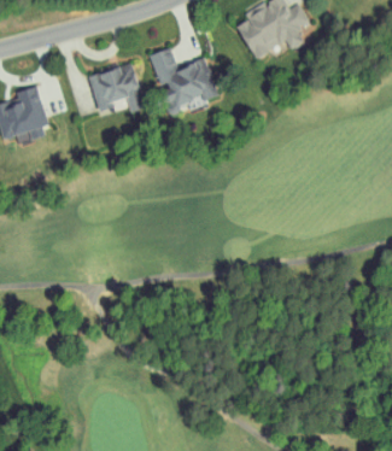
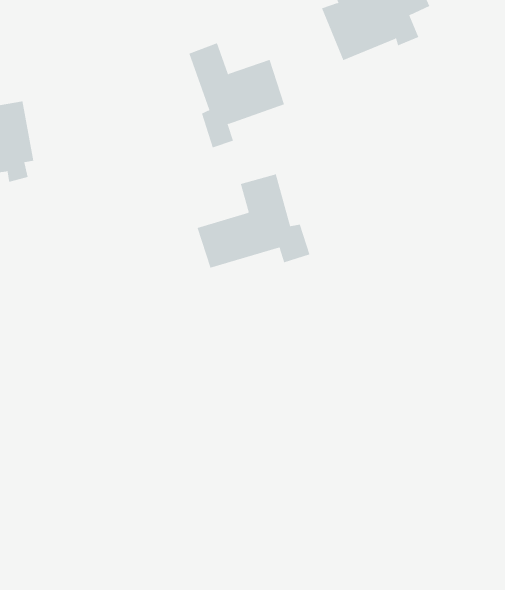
building: [83,65,131,111] -> none
building: none -> [197,173,310,269]

